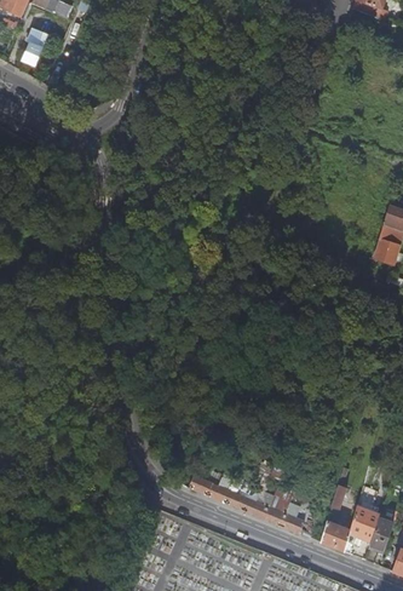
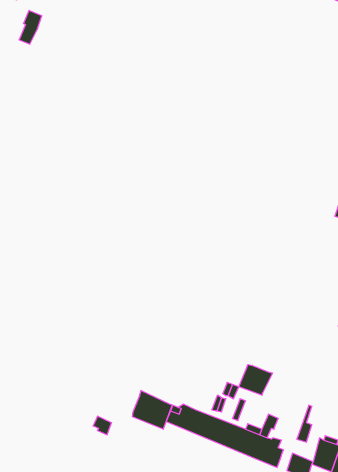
building: none -> [239,365,273,395]
building: none -> [132,390,172,429]

